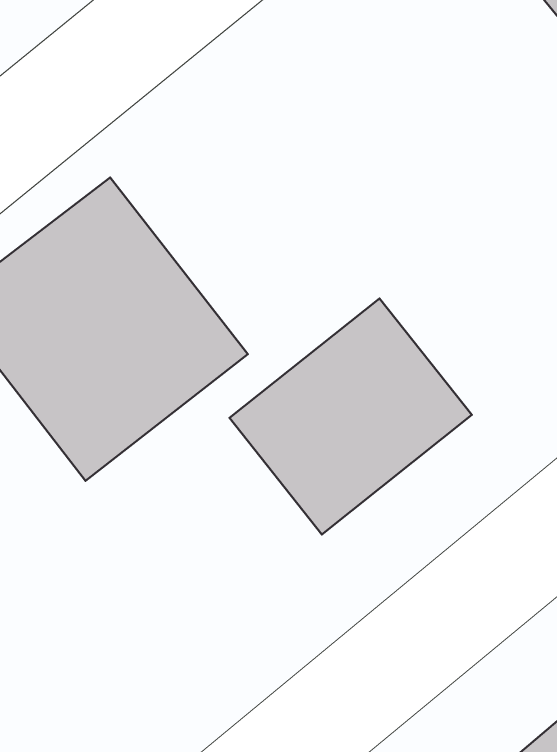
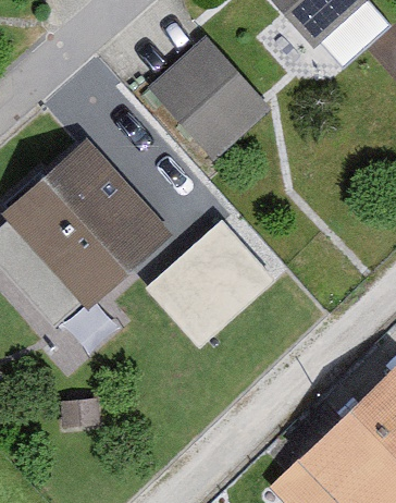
building: none -> [153,44,269,159]

